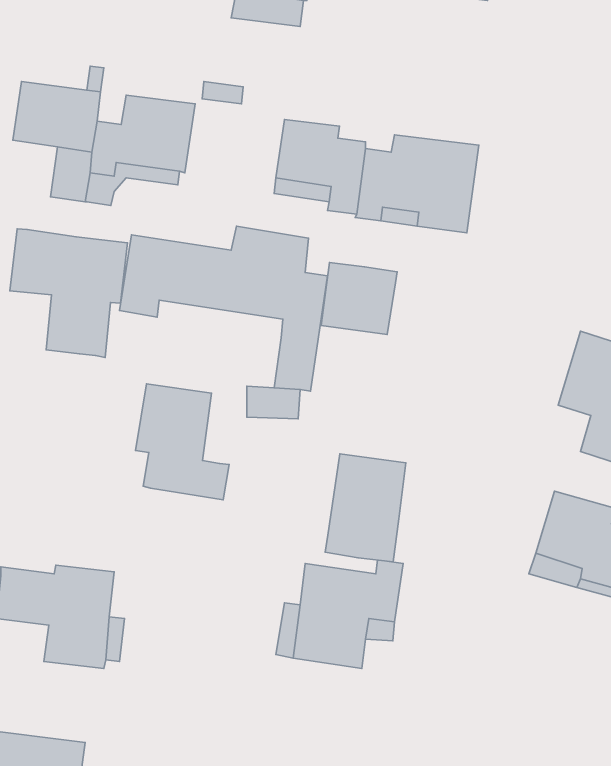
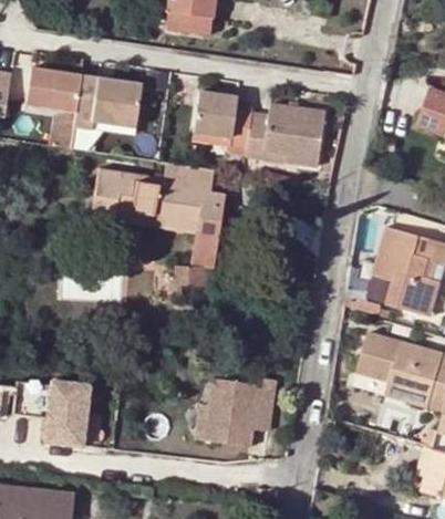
building: [10,229,127,358] -> none
building: [321,262,397,335] -> none
building: [135,384,229,500] -> none
building: [325,454,406,562] -> none

